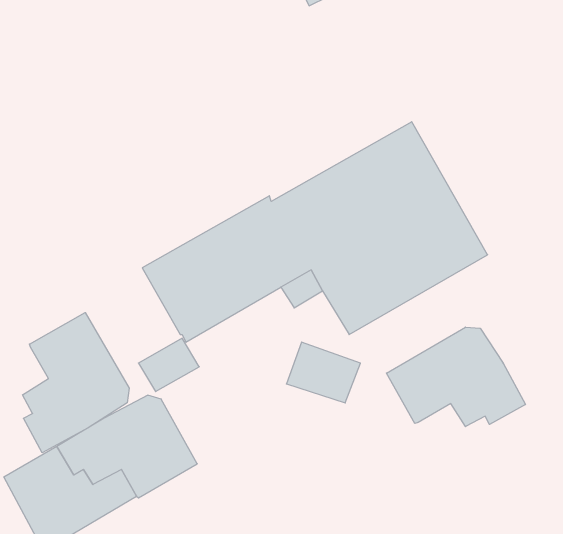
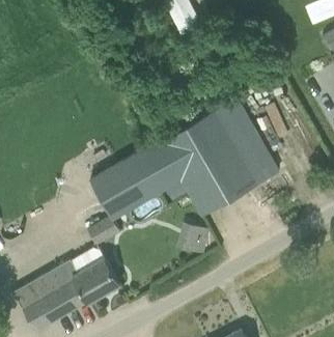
building: [23,313,129,453] -> none
building: [386,327,525,427] -> none

